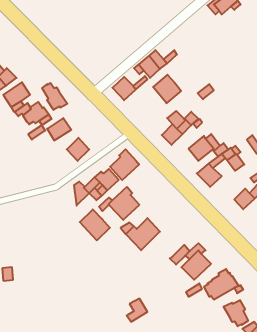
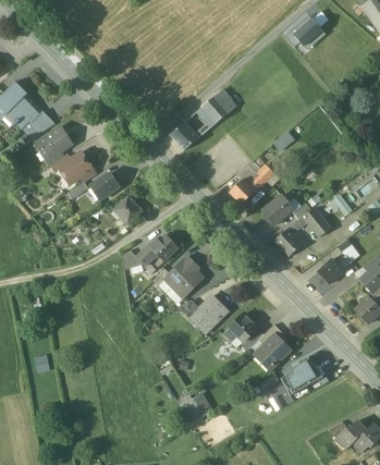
building: [153,75,181,103] -> none
building: [42,83,67,110] -> none
building: [110,149,139,180] -> none
building: [80,209,110,240] -> none
building: none -> [222,311,258,342]
building: [224,300,248,326] -> none

